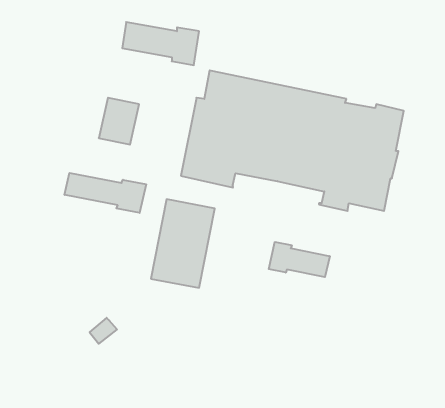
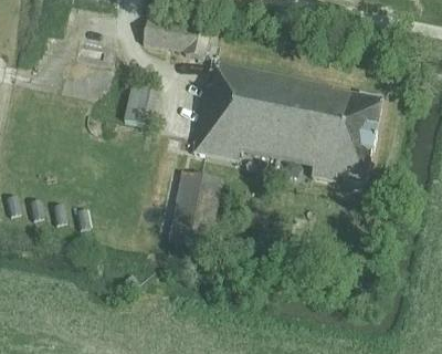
building: [65,173,146,213] -> none
building: [269,242,330,277] -> none

